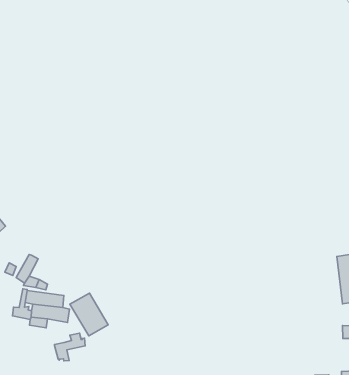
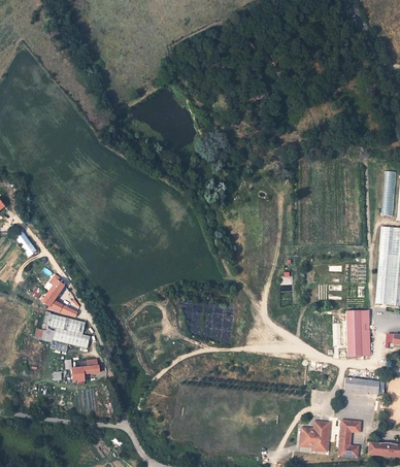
building: [70,293,108,336] -> none

